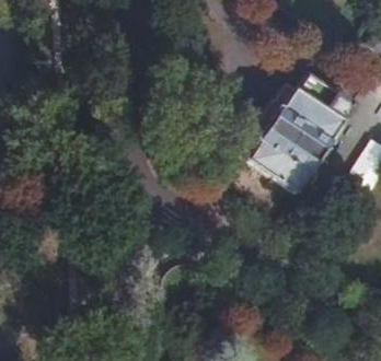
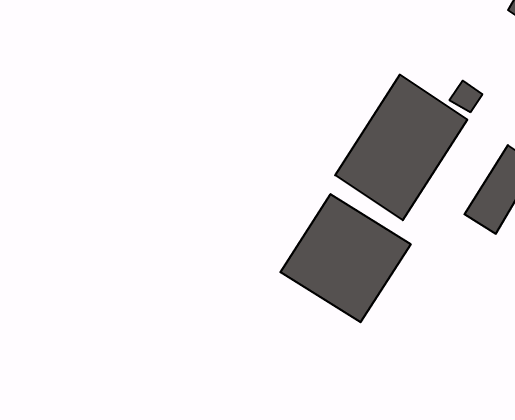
building: none -> [280,194,411,322]

